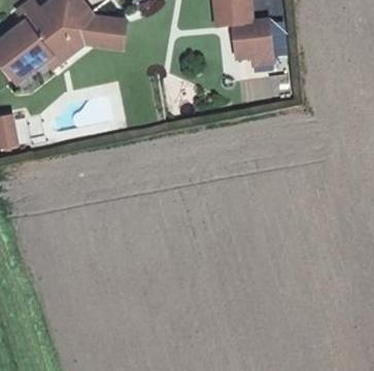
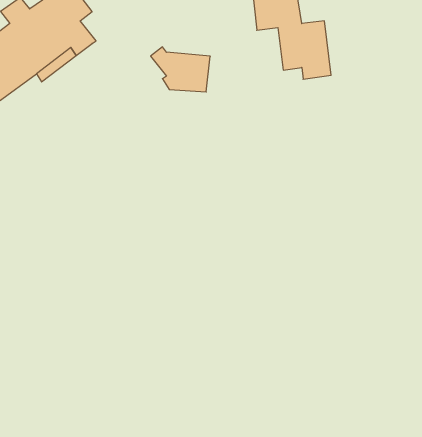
building: [80,11,127,46] -> [151,47,210,92]

